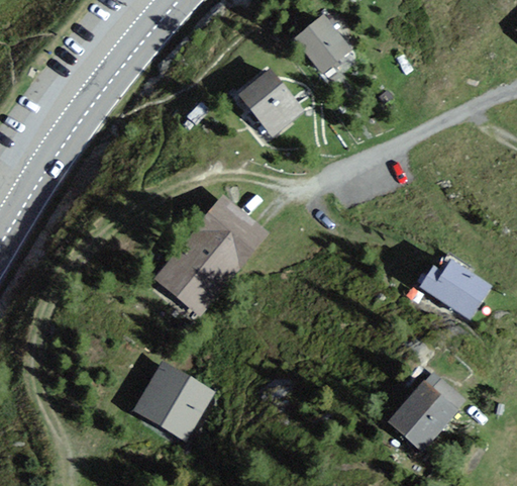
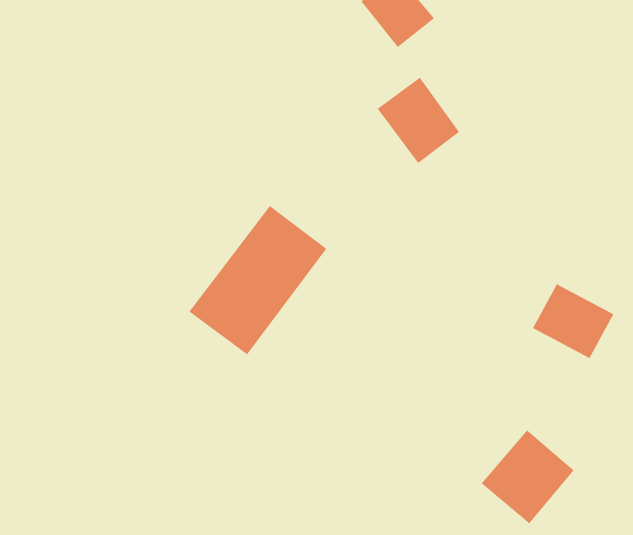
building: [235,69,301,137] -> [377,77,460,164]
building: [136,361,220,443] -> none

